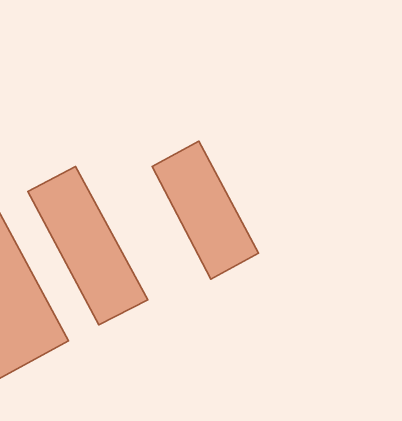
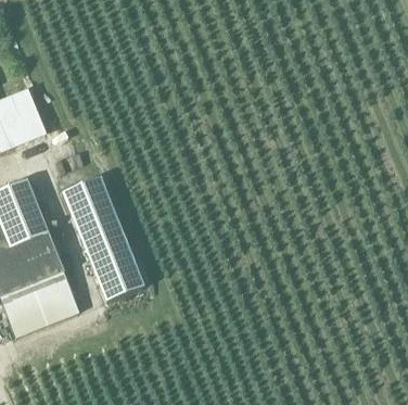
building: [152,141,258,279] -> none

